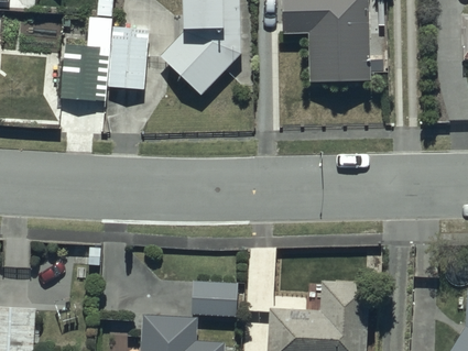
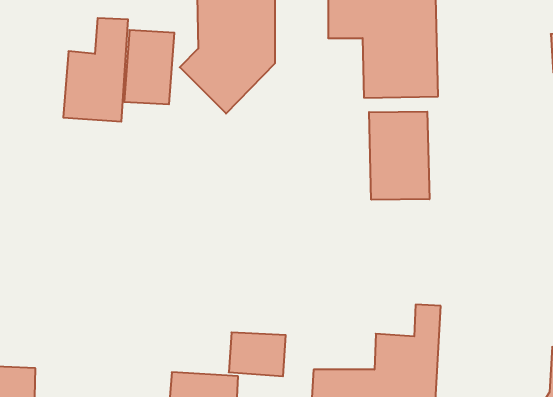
building: none -> [369,112,429,200]

